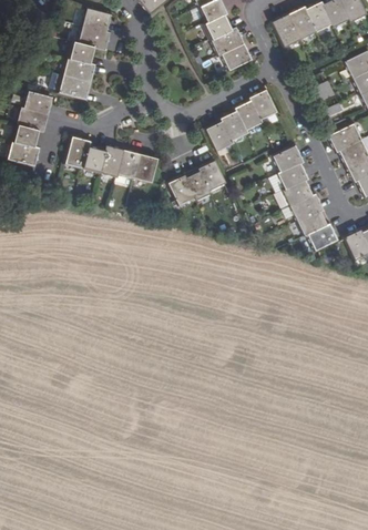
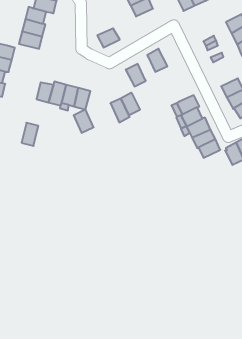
building: [221,43,252,70] -> [97,28,120,48]
building: [249,89,278,125] -> none
building: [219,110,247,141] -> none
building: [328,124,360,152] -> none
building: [65,136,89,169] -> [22,123,38,146]
building: [272,145,301,172] -> none
building: [167,174,195,206] -> [74,110,94,133]

